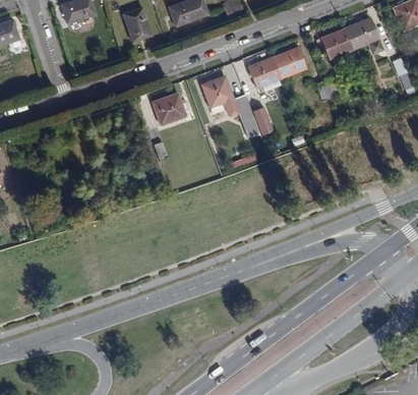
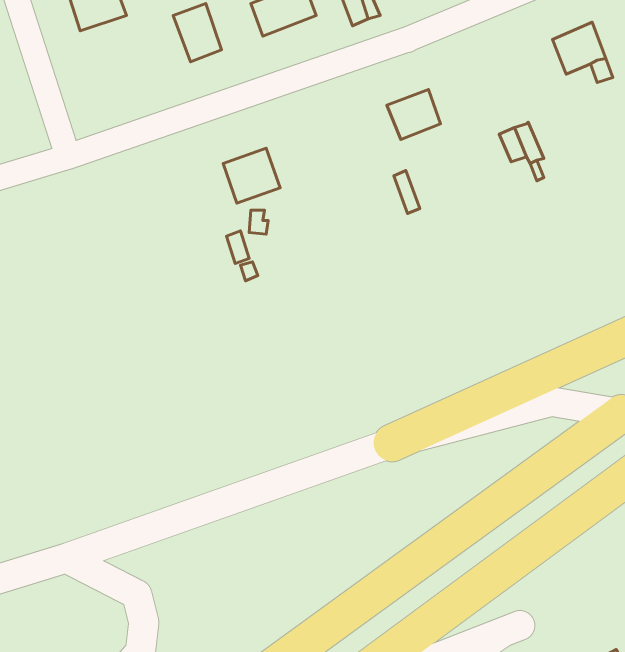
building: [321,29,354,59] -> none
building: [273,48,305,78] -> none
building: [201,76,252,120] -> none

